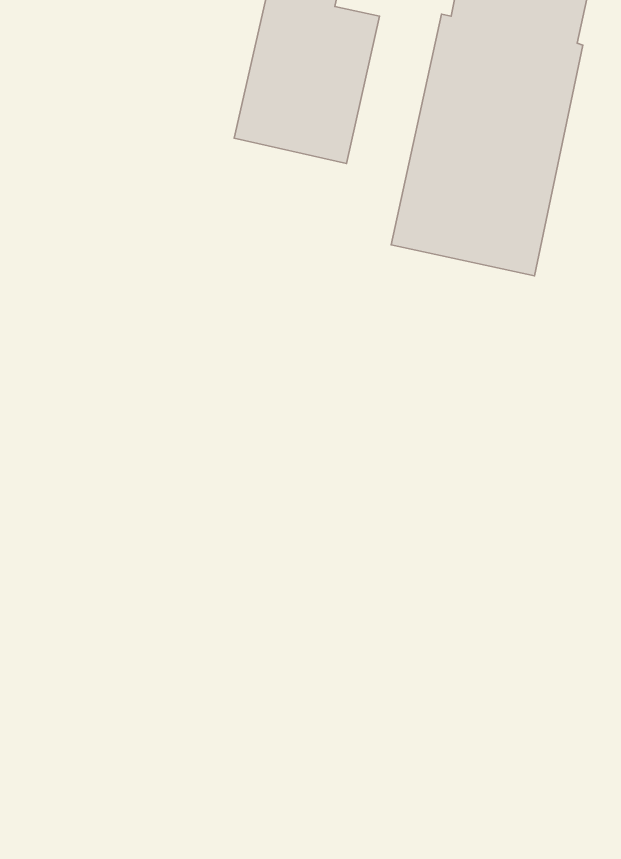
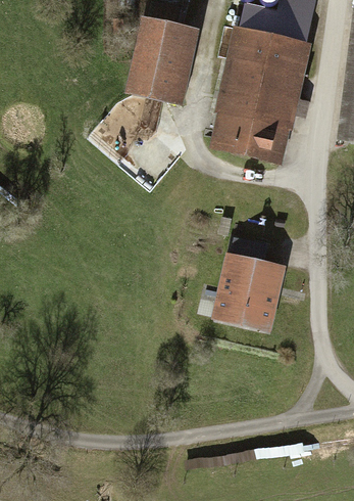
building: none -> [209,236,286,332]

